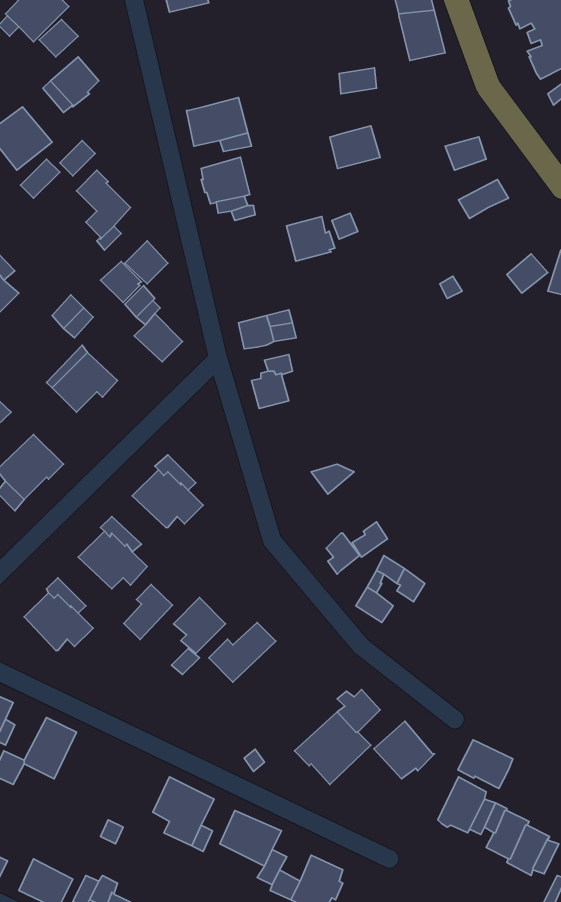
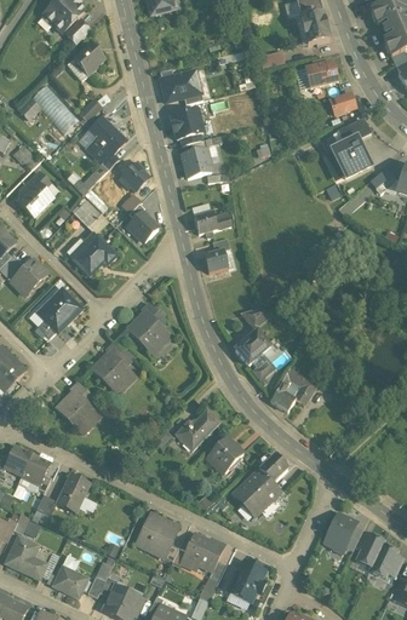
building: [330,126,380,169] -> [305,62,338,90]
building: none -> [331,140,371,180]
building: [286,216,335,261] -> [182,148,213,177]
building: none -> [235,331,270,364]
building: [124,585,172,639] -> none
building: [173,598,226,653] -> [210,436,243,472]
building: [374,721,435,779] -> none
building: [458,740,513,788] -> none

